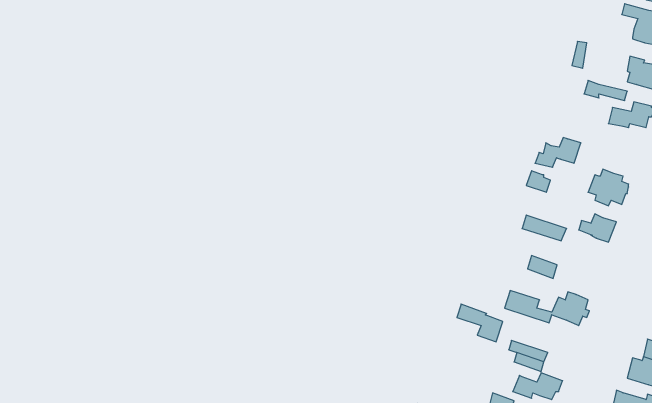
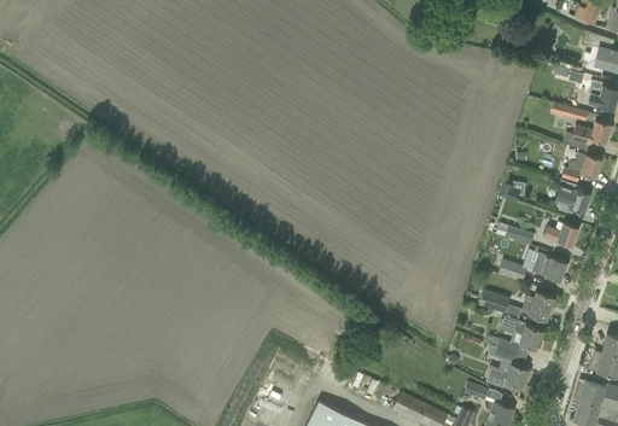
building: [535,138,581,167] -> [561,156,602,182]
building: none -> [532,253,569,282]
building: [457,304,503,342] -> [501,316,542,350]

